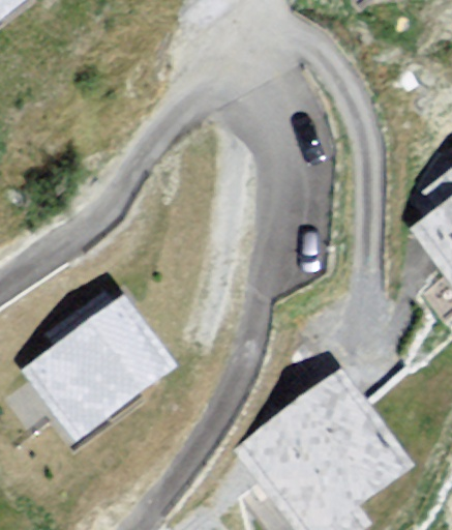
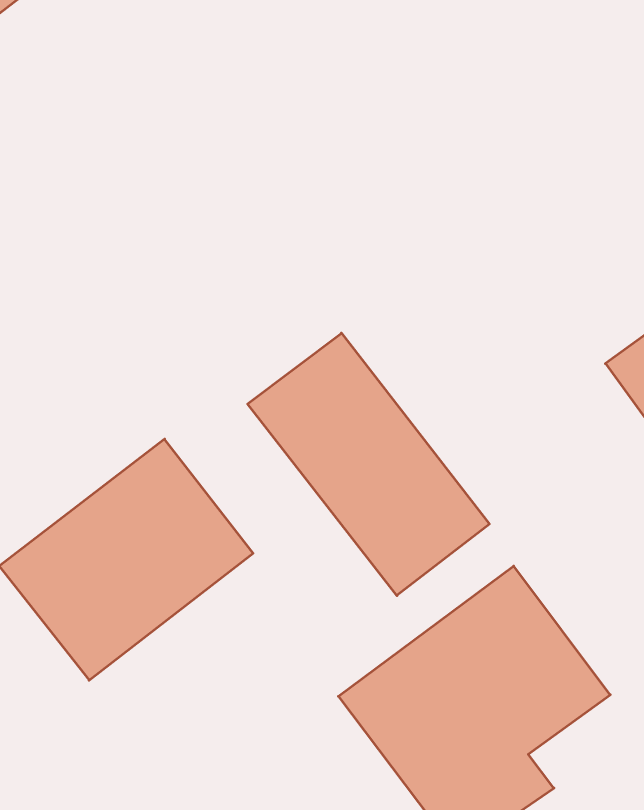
building: none -> [248,333,489,596]

